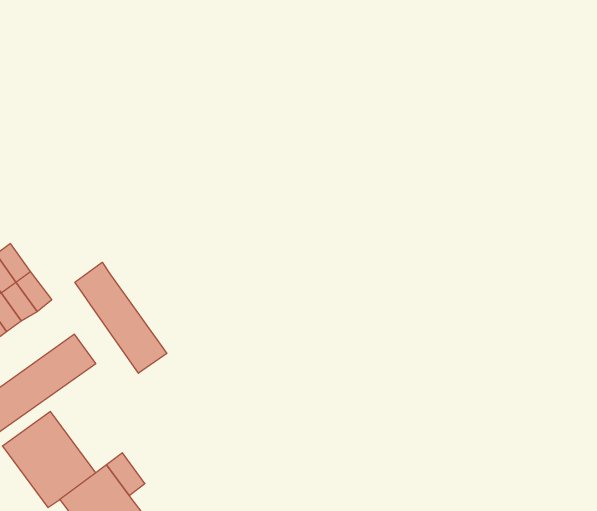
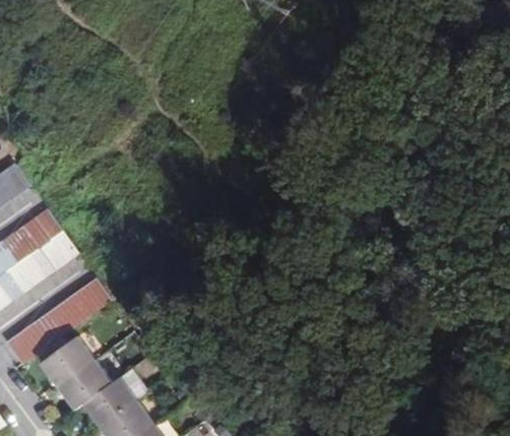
building: [75,262,167,373] -> none

